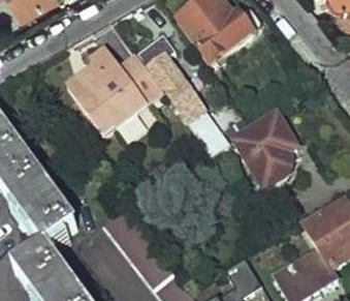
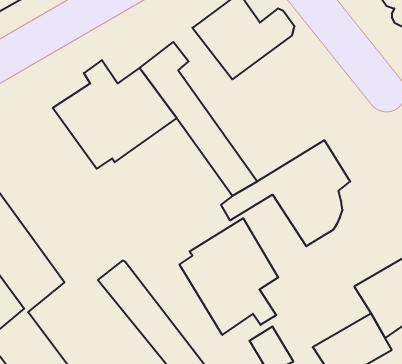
building: none -> [180,218,278,335]

